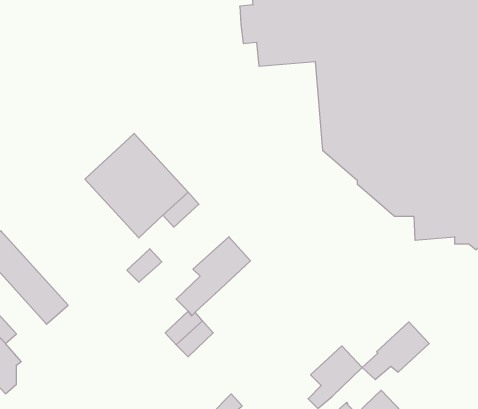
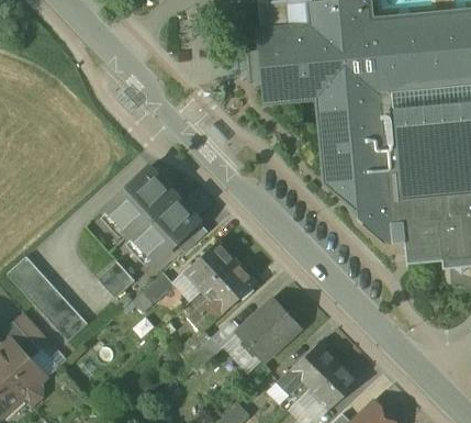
building: none -> [186,242,236,291]
building: none -> [99,261,135,299]
building: none -> [238,299,302,363]
building: [362,322,429,380] -> [278,342,339,394]

